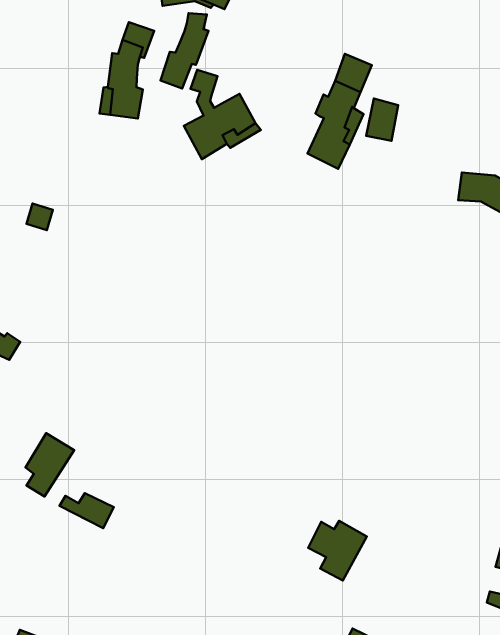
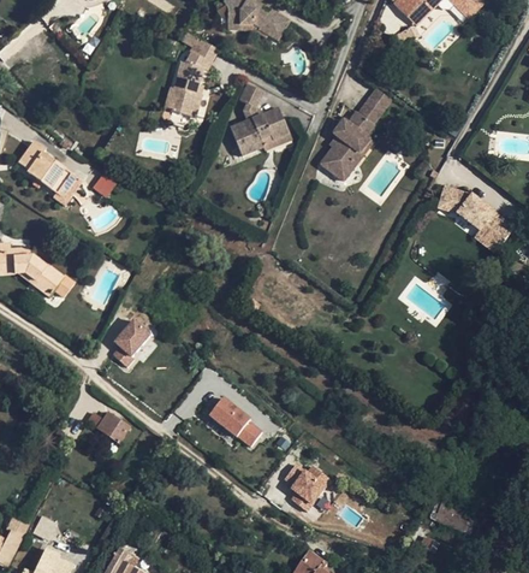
building: [160,13,208,88] -> none
building: [366,99,398,141] -> none
building: [25,433,74,496] -> [112,314,154,365]
building: none -> [208,394,265,447]

